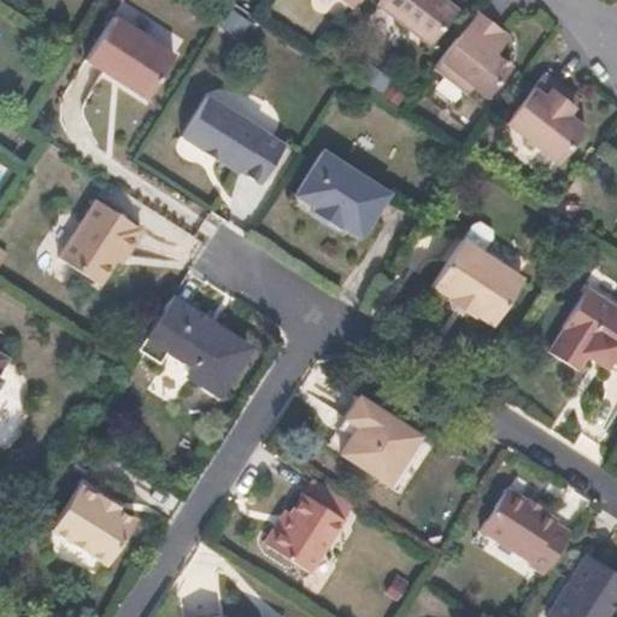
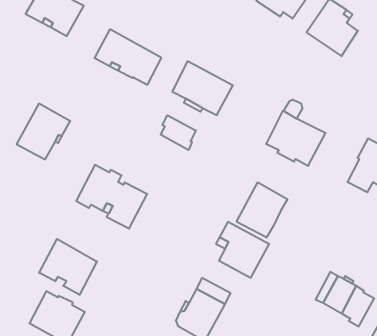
building: none -> [161,115,196,150]
building: none -> [237,182,287,238]
building: none -> [39,239,97,295]

